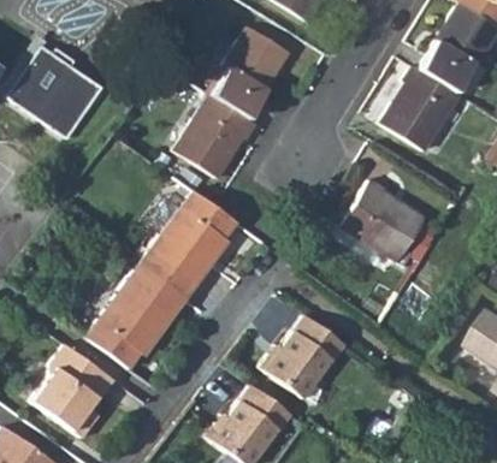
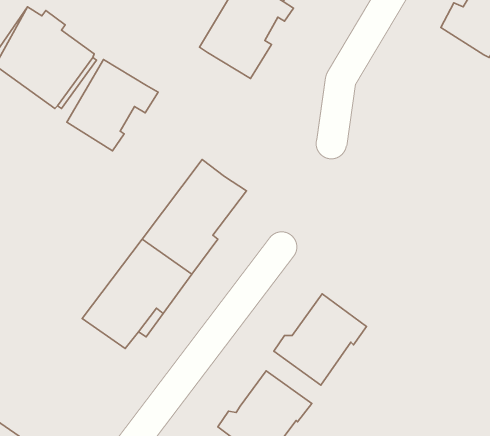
building: [375,64,458,154] -> none
building: [170,90,254,174] -> [67,59,158,151]
building: [341,182,427,266] -> none
building: [34,342,114,437] -> none

